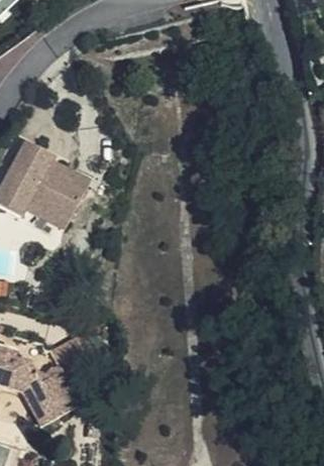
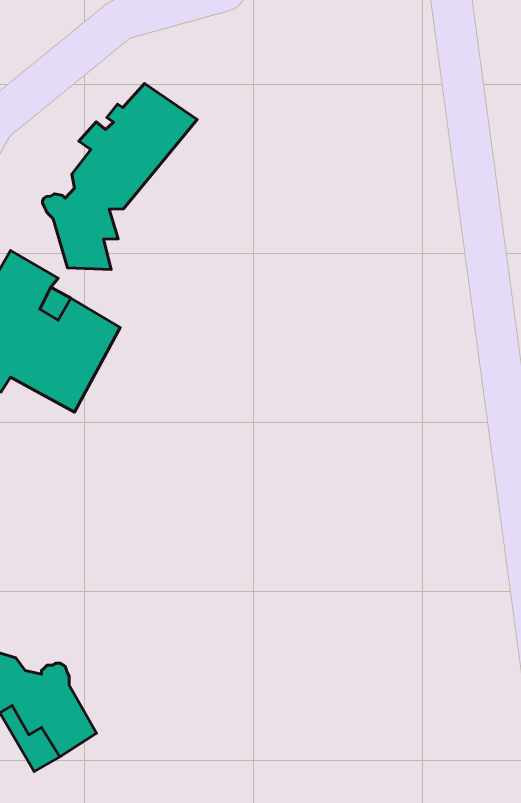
building: none -> [43,83,197,270]

